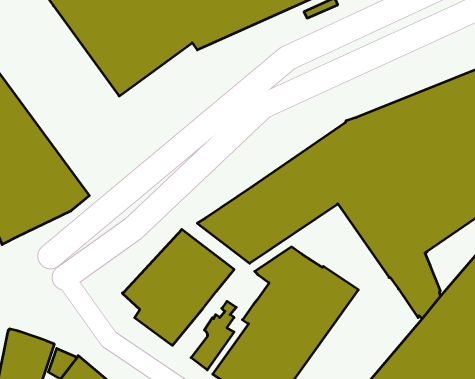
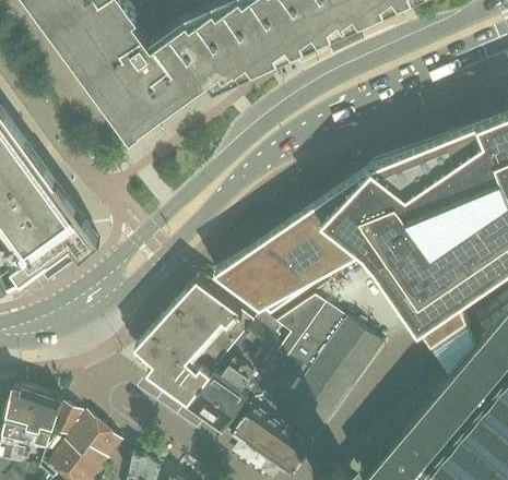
building: none -> [233,316,276,362]
building: none -> [186,362,241,419]

